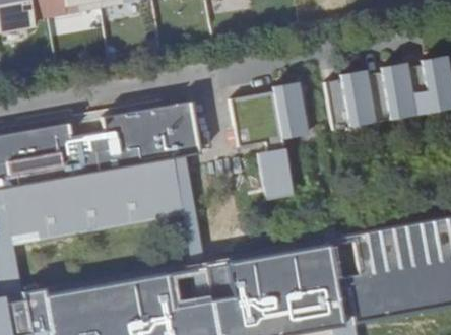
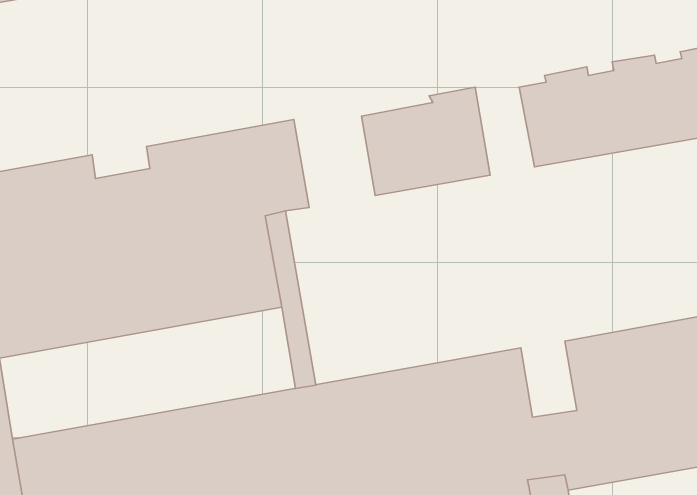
building: [258,139,293,199] -> none

